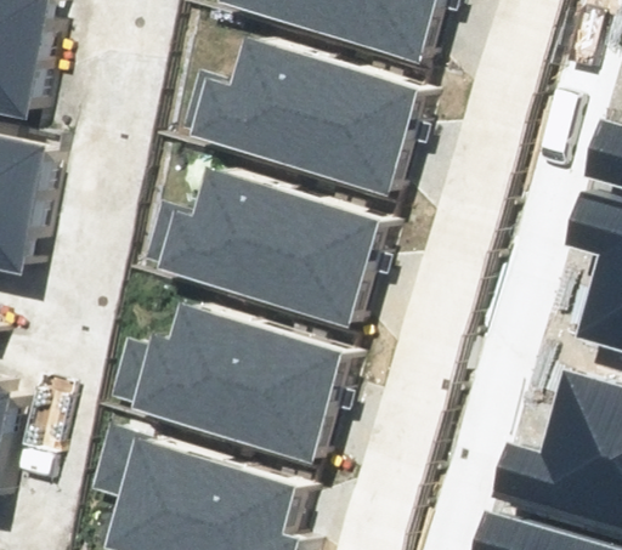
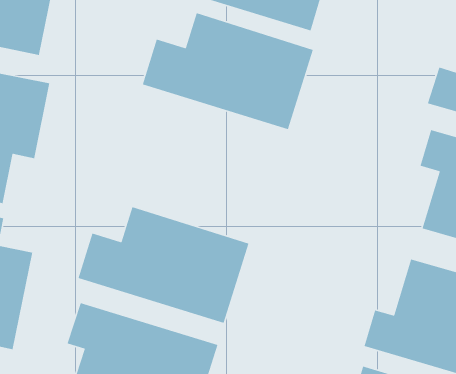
building: [147,170,379,328] -> none

